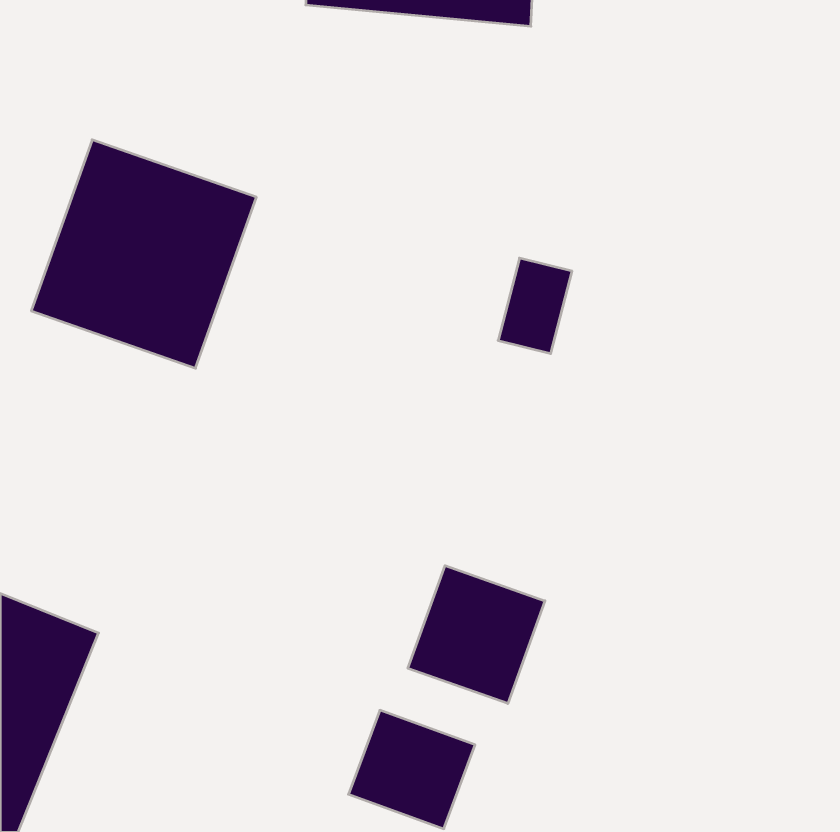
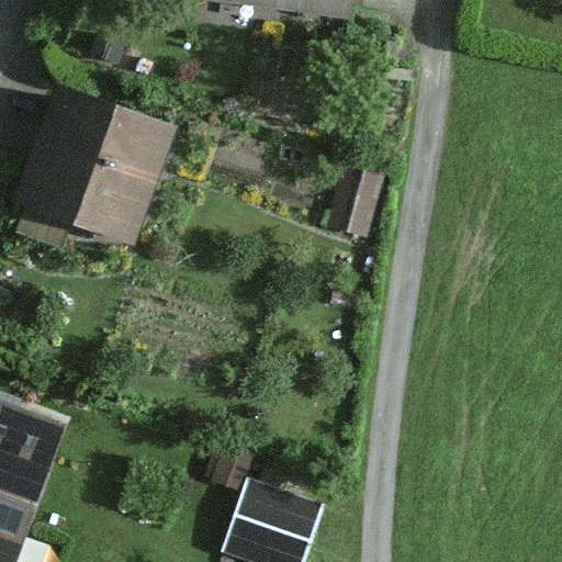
building: [408,566,545,704] -> none

